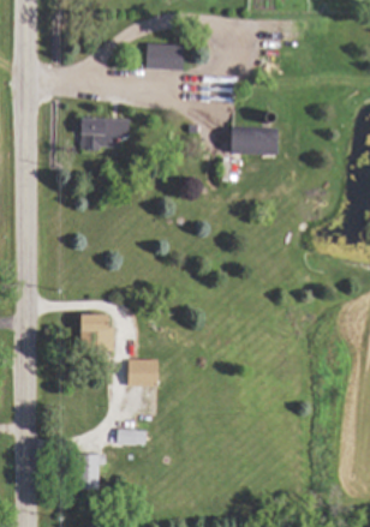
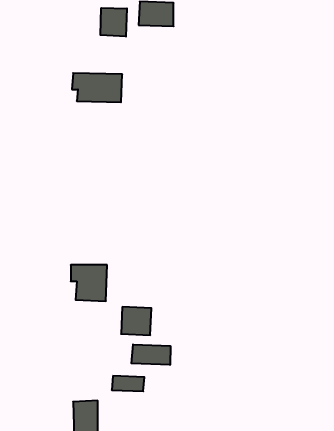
building: none -> [100,8,127,37]
building: [226,130,280,154] -> none
building: none -> [131,344,170,365]

